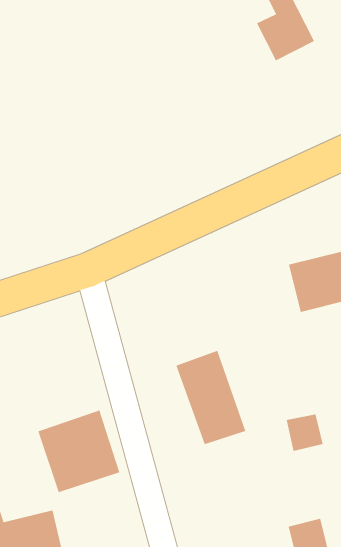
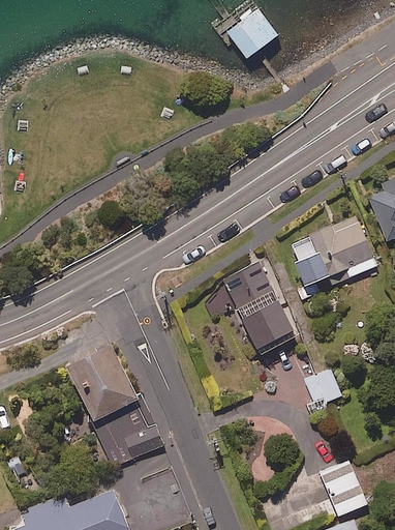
building: none -> [64,338,138,420]
building: [175,350,246,445] -> [223,262,294,347]

